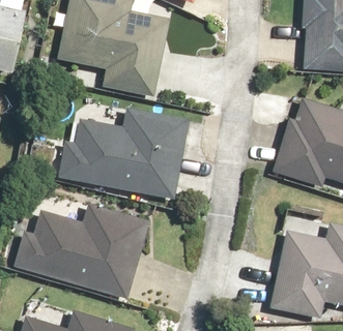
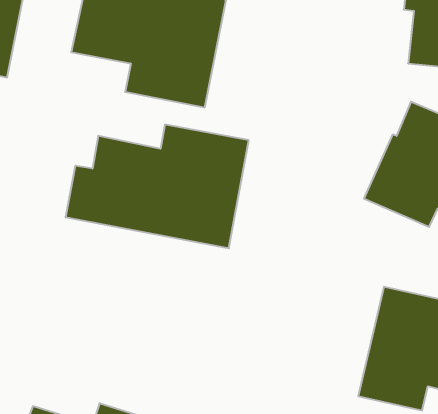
building: [15,203,147,298] -> none

